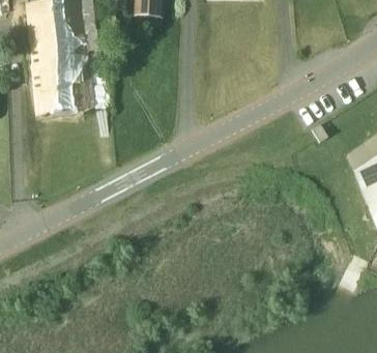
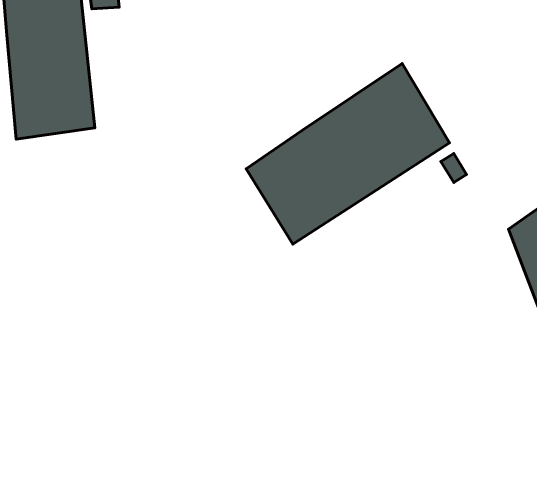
building: none -> [246,63,450,244]

